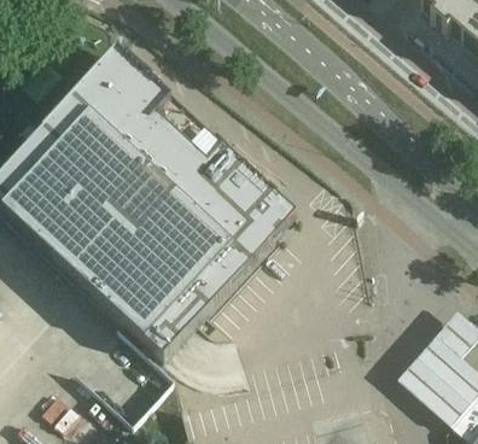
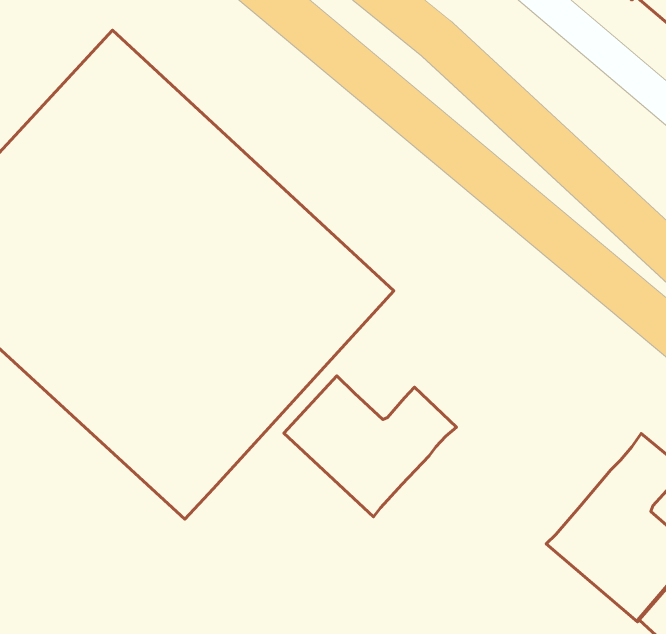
building: none -> [284,376,456,517]

